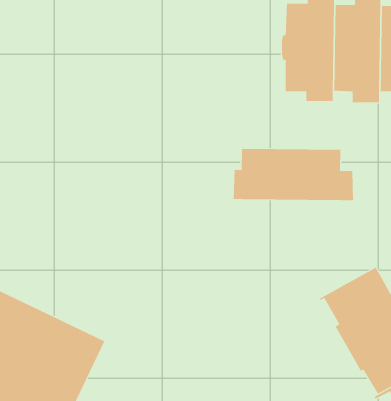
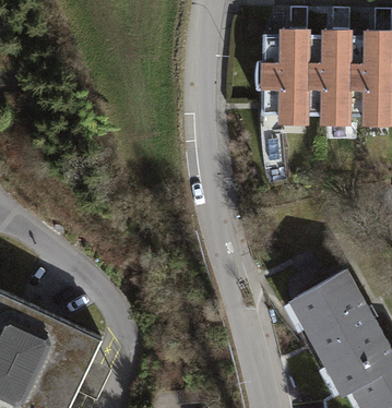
building: [233,148,354,201] -> none

